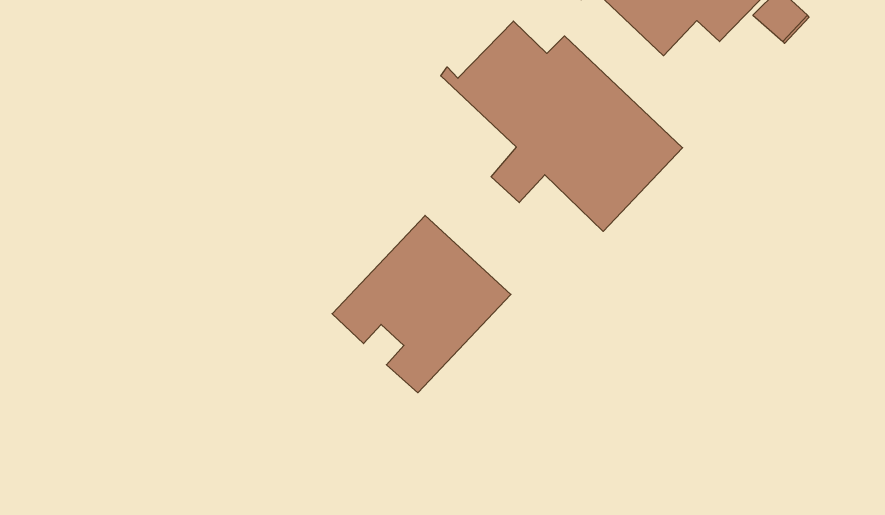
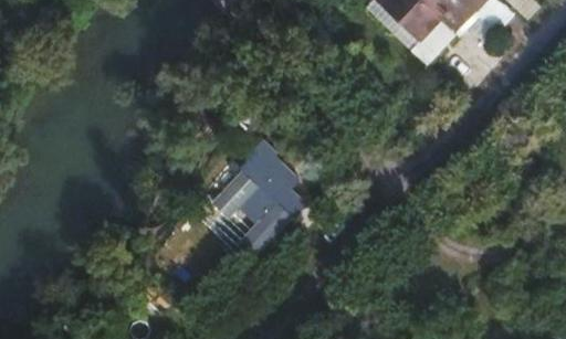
building: [441,21,683,231] -> none

